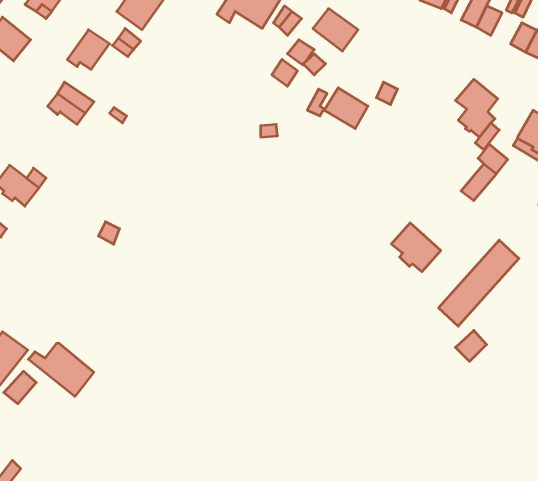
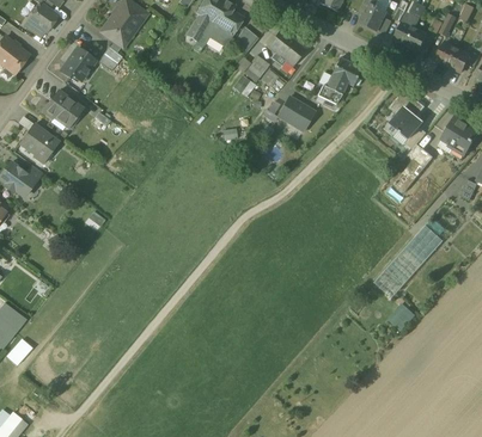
building: none -> [327,57,361,93]
building: none -> [19,124,57,162]
building: [391,223,441,272] -> none
building: [28,343,94,396] -> none

